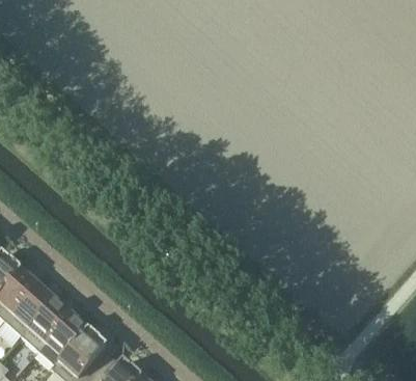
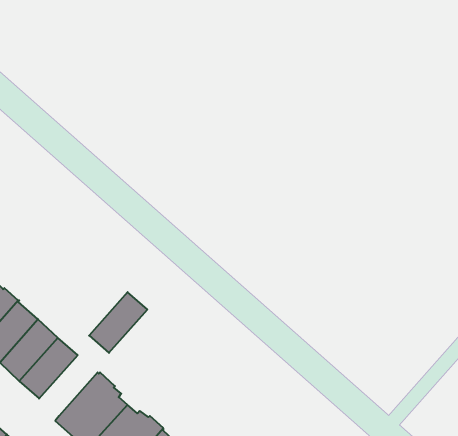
building: [37,312,86,363] -> [89,292,147,353]

